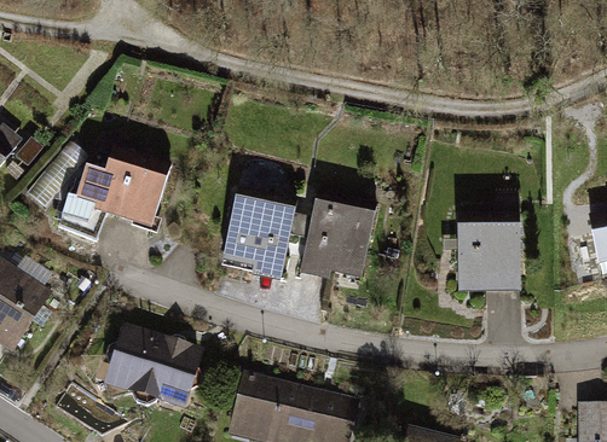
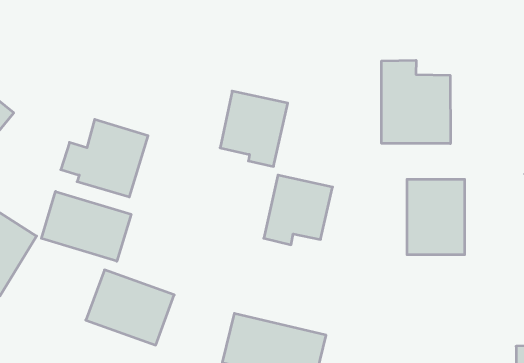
building: none -> [382,60,450,144]
building: [219,207,294,290] -> [220,91,288,166]
building: none -> [41,191,131,261]

